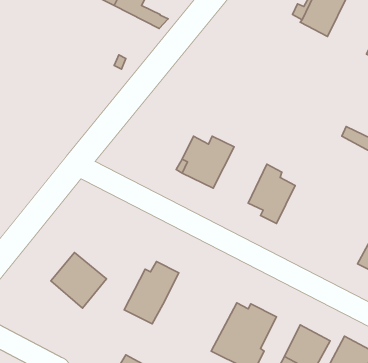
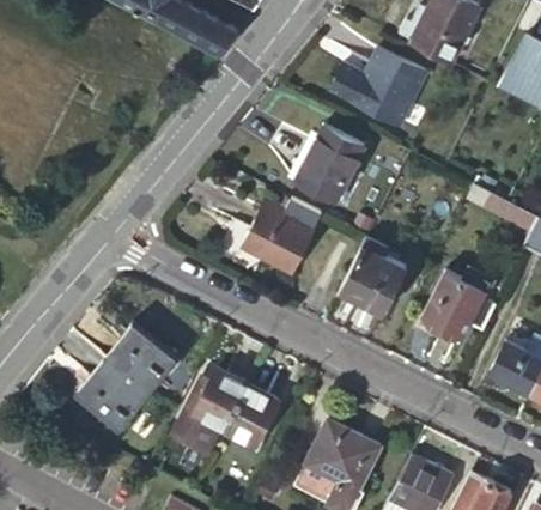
building: none -> [329,47,426,123]
building: none -> [297,127,363,201]
building: none -> [424,269,498,336]
building: none -> [105,324,175,393]
building: none -> [225,384,278,443]

